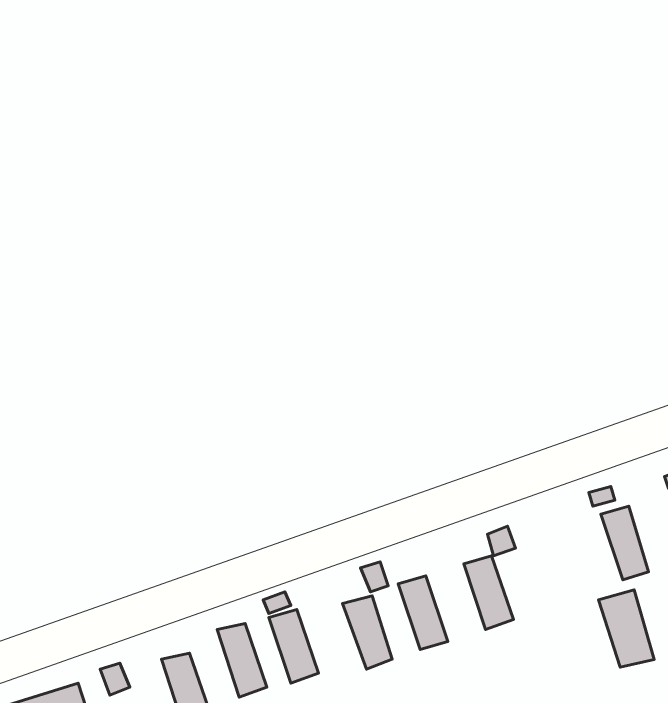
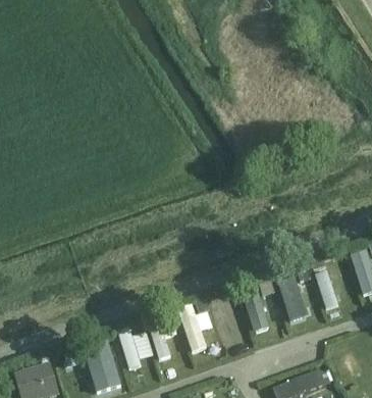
building: [598,590,654,667] -> [277,282,306,321]

